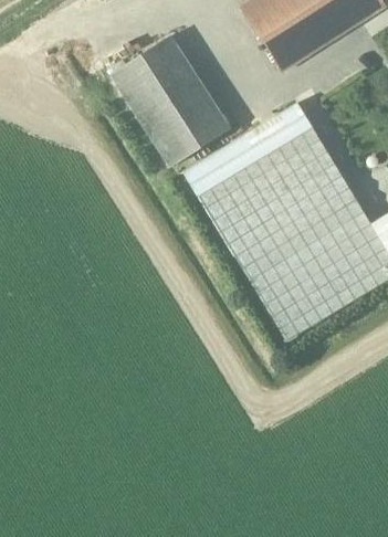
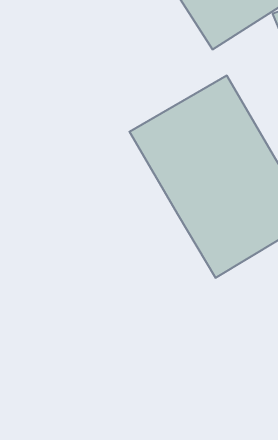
building: [112,34,231,166] -> none

